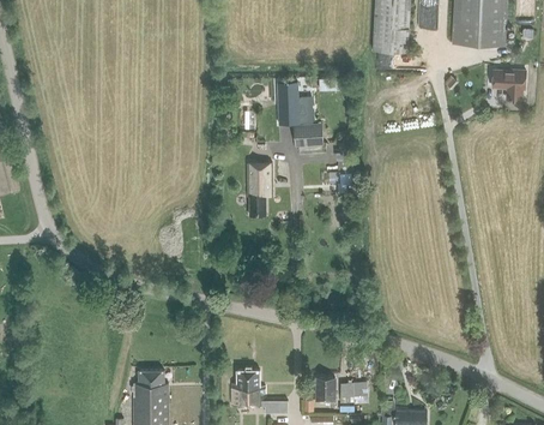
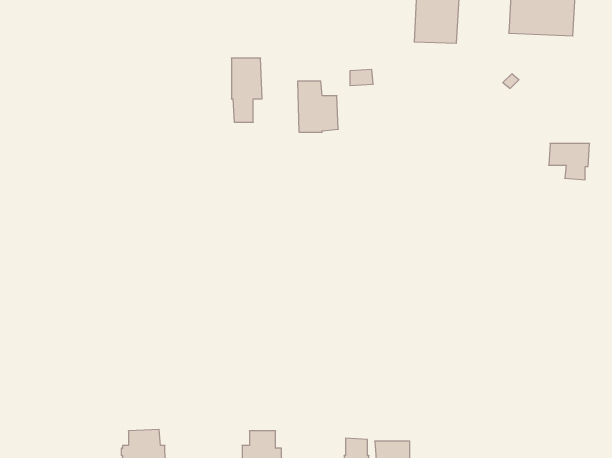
building: [491,70,525,100] -> [549,143,590,180]
building: [292,125,322,148] -> none
building: [247,163,272,216] -> [231,58,262,122]

